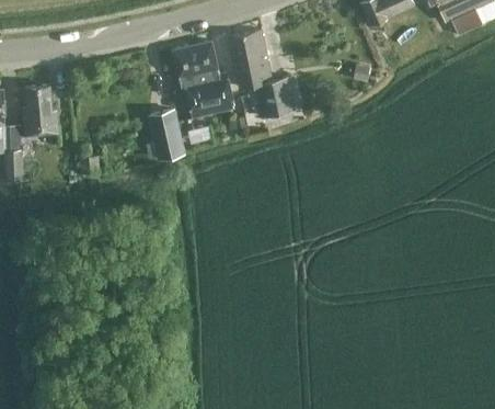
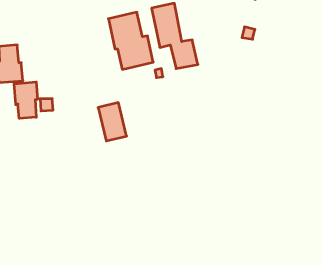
building: [147,109,185,160] -> [98,103,127,141]
building: none -> [14,82,37,118]

